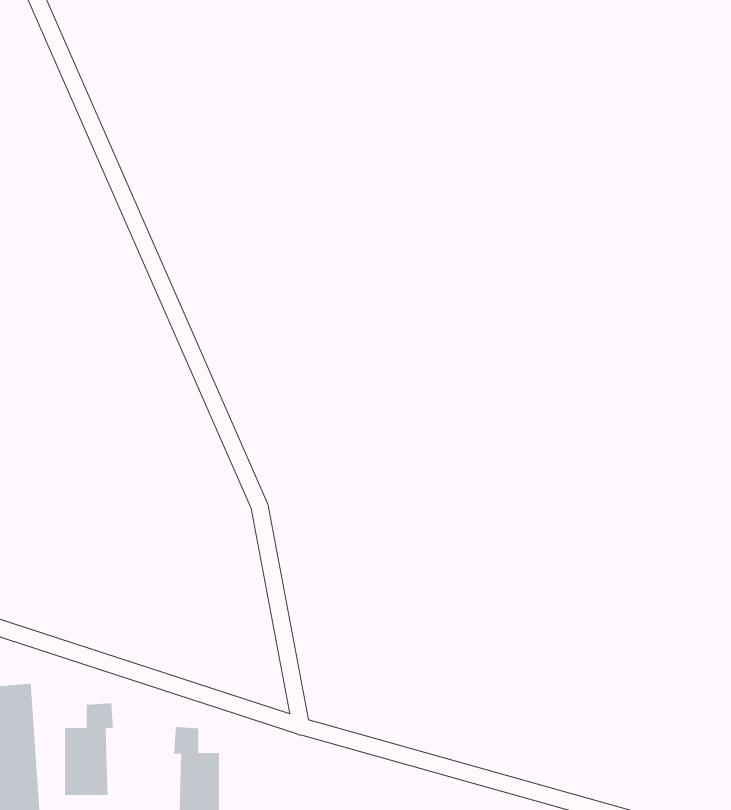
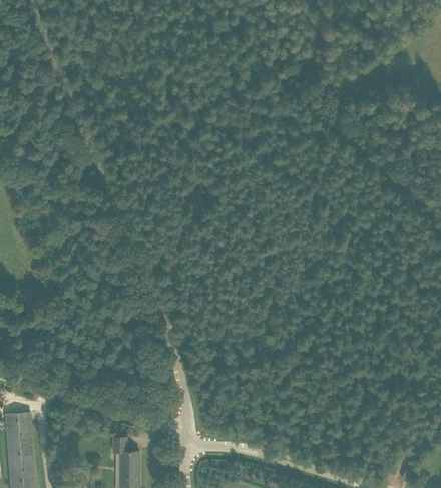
building: [65,703,113,796] -> none

